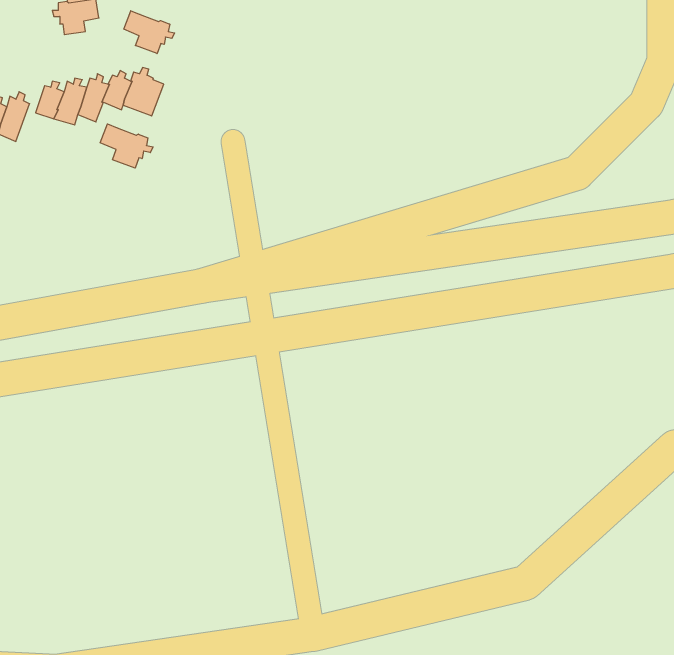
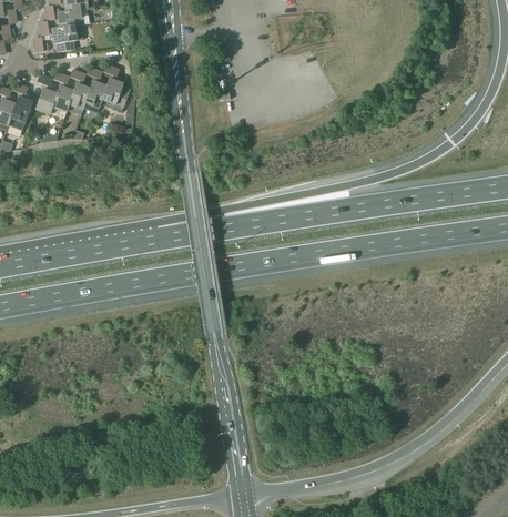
building: [124,11,175,54] -> none
building: [100,124,153,168] -> none

